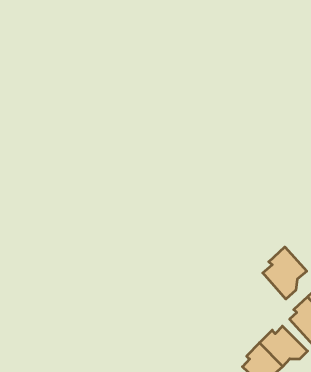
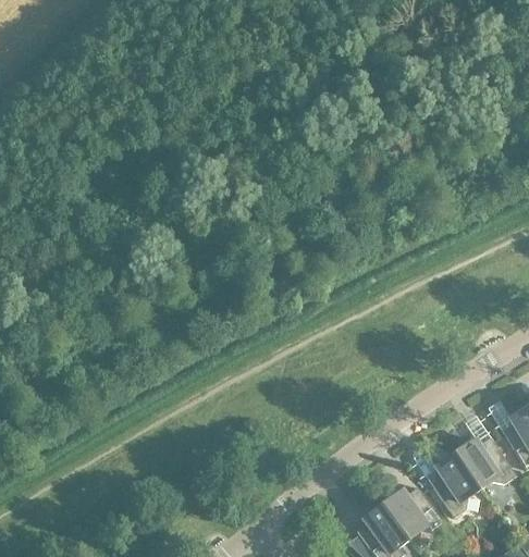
building: [263,247,307,299] -> none

